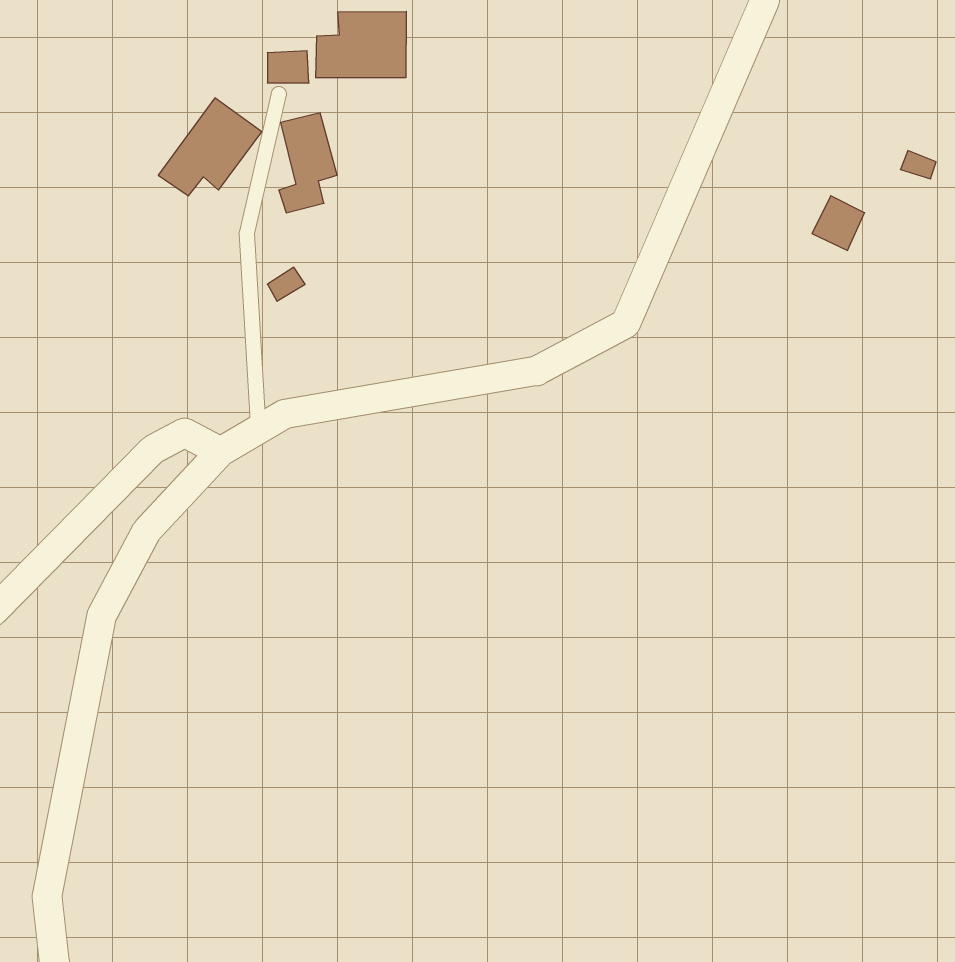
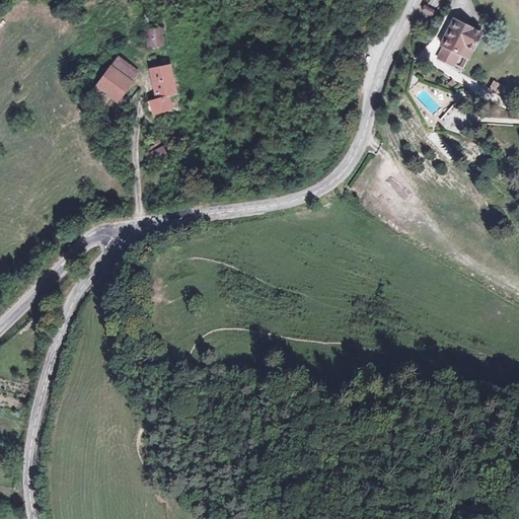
building: [316,11,406,78] -> none
building: none -> [429,16,479,70]

